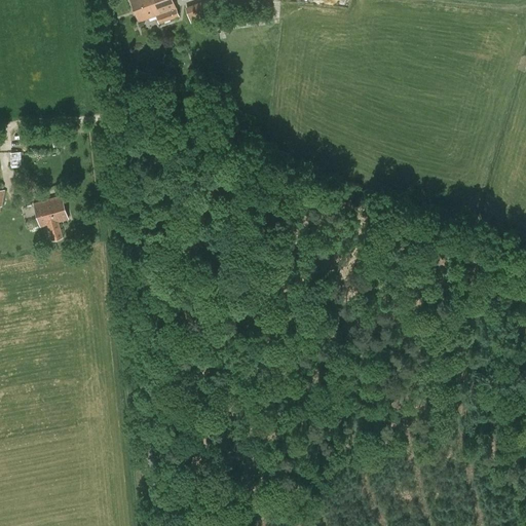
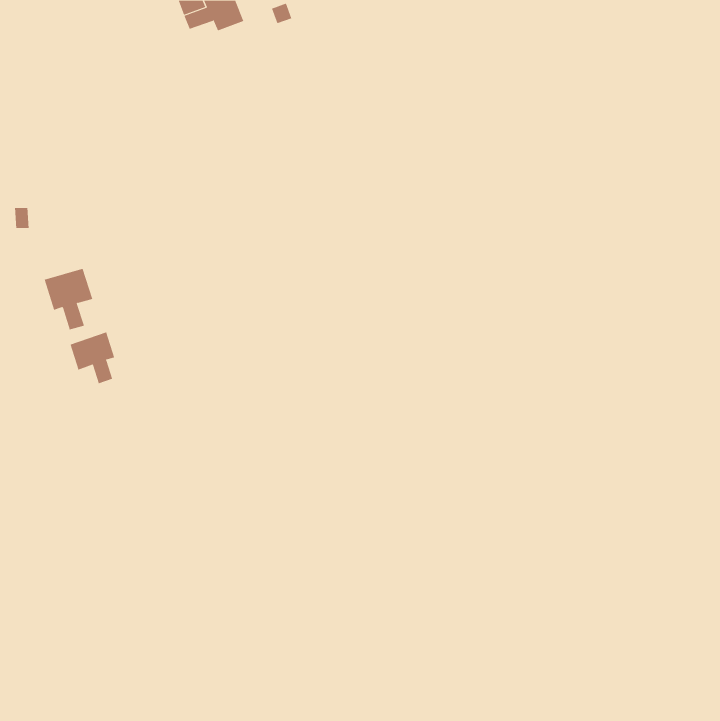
building: none -> [70,332,115,384]

